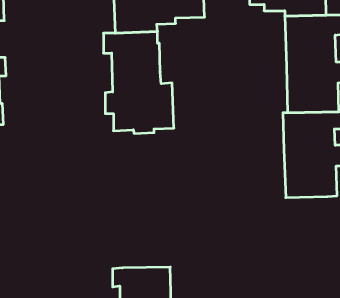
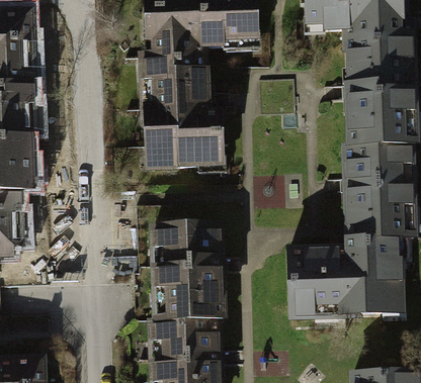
building: none -> [156,225,223,319]
building: none -> [291,240,402,314]

